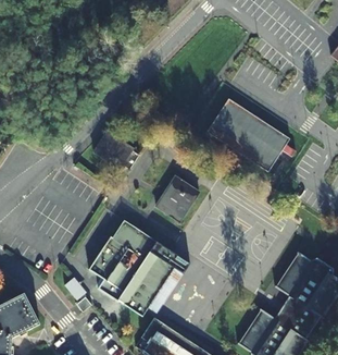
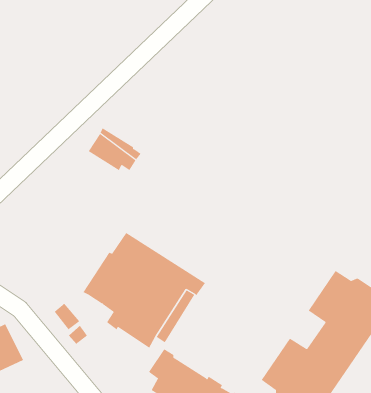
building: [208,99,291,173] -> none
building: [157,176,200,222] -> none

